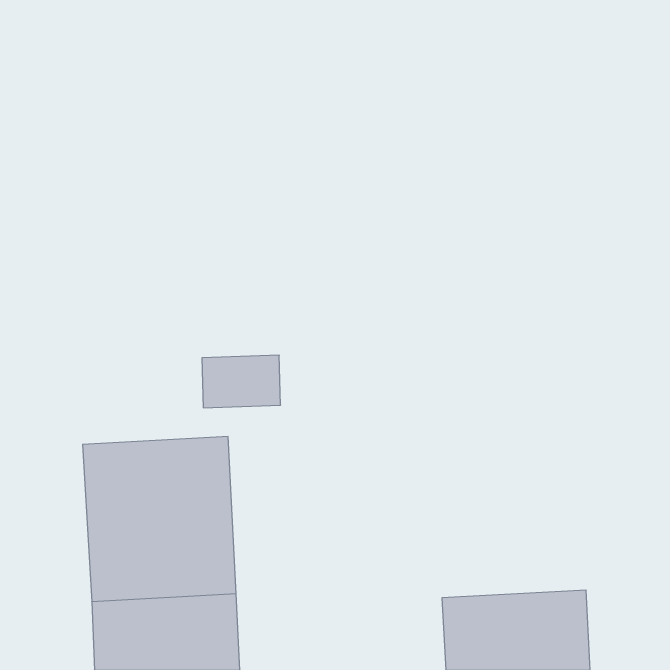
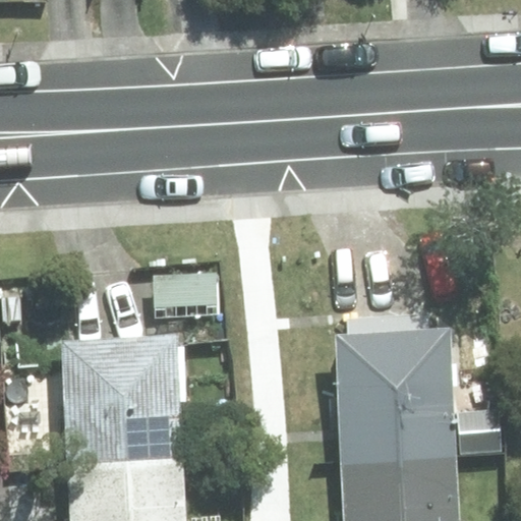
building: none -> [336,314,455,464]

